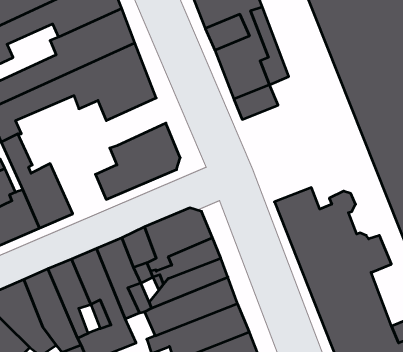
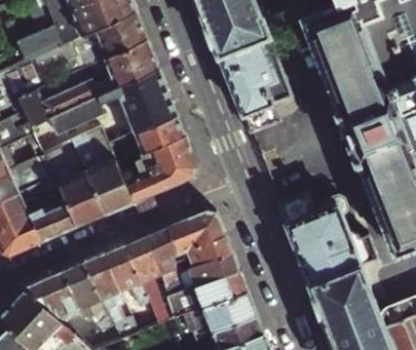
building: none -> [133,116,184,157]
building: none -> [70,129,133,216]

